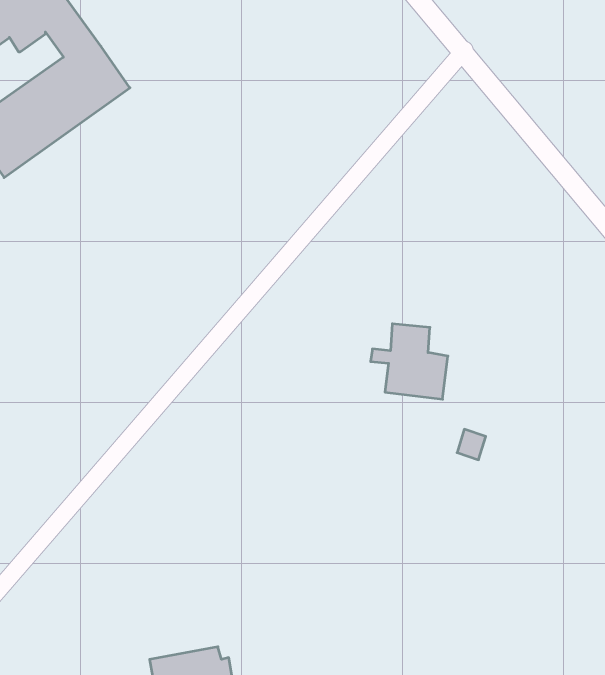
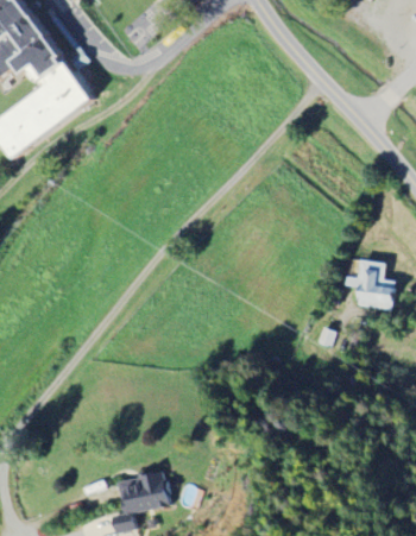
building: [371,324,448,399] -> [340,259,391,309]

